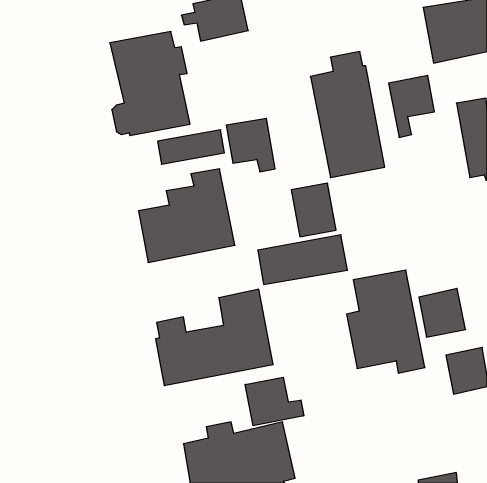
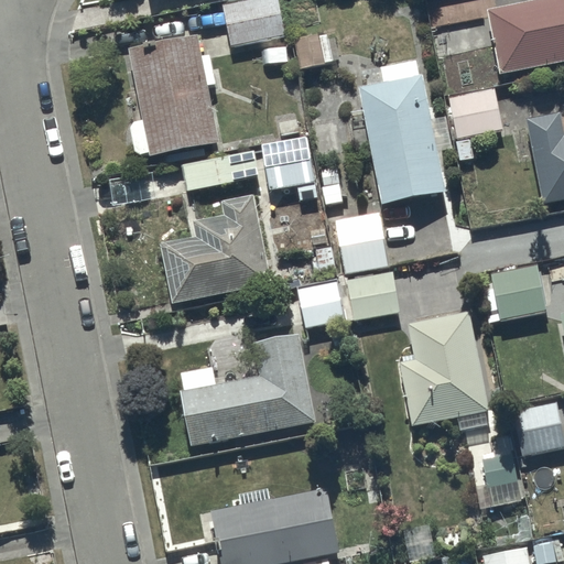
building: [419,288,466,337] -> [491,263,545,319]
building: [245,377,304,426] -> none
building: none -> [475,456,525,506]

